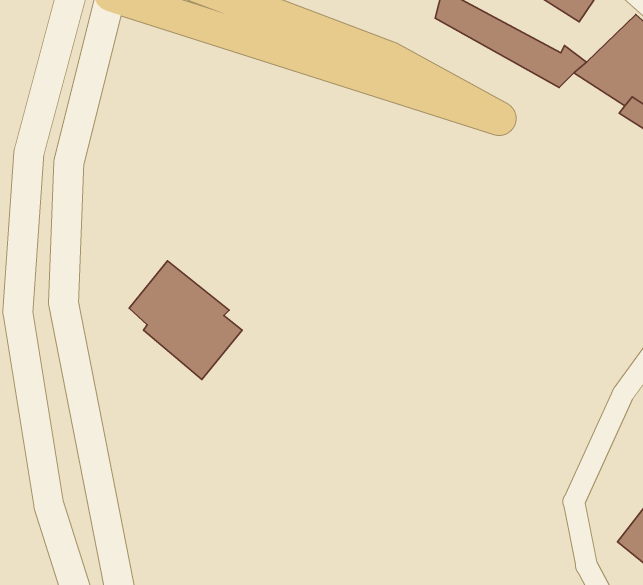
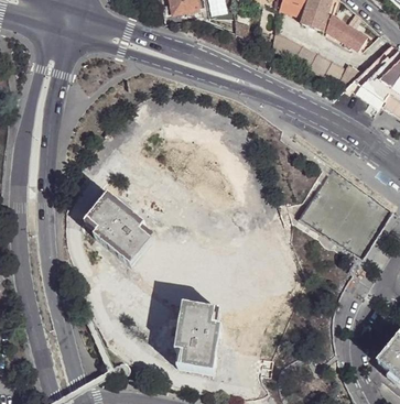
building: none -> [174,303,221,373]

